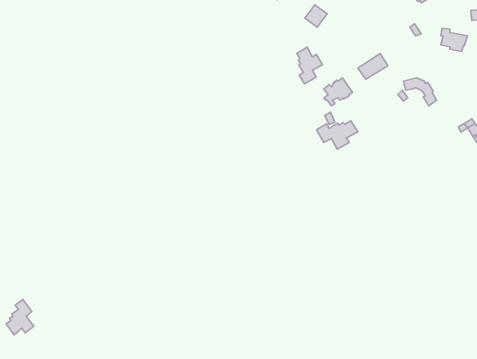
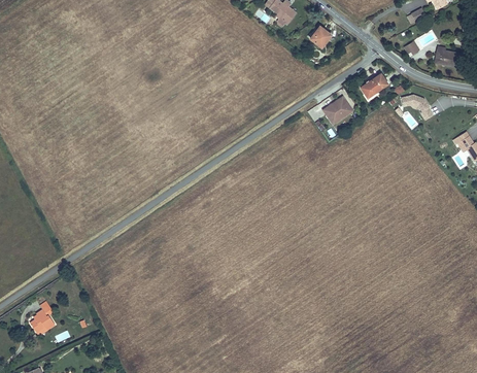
building: [297,47,323,84] -> none
building: [317,121,358,149] -> none

